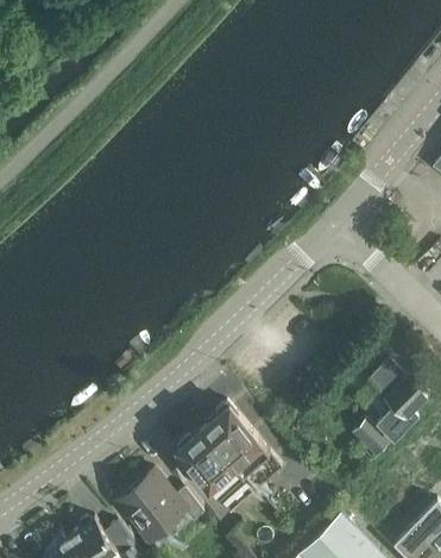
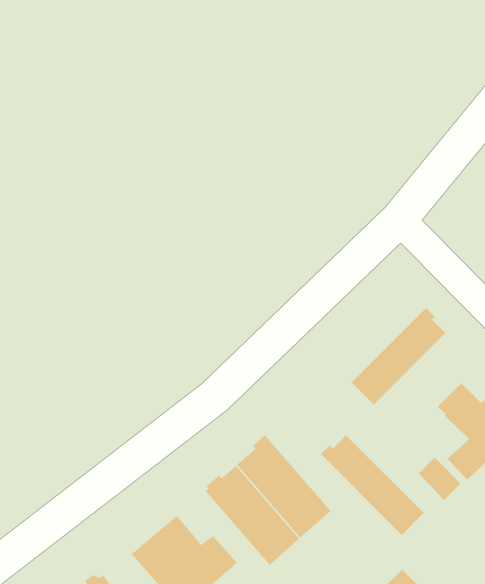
building: none -> [351,307,446,405]
building: none -> [320,435,424,536]

